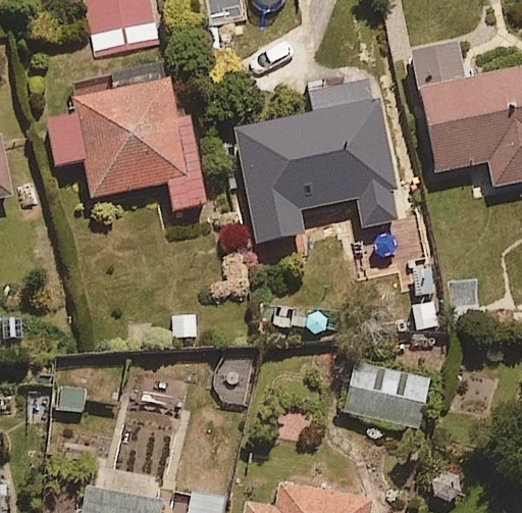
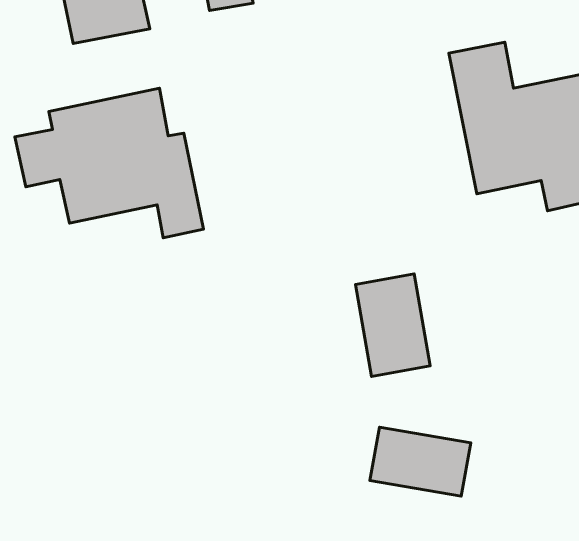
building: [239,80,398,226] -> none
building: none -> [356,274,430,376]

